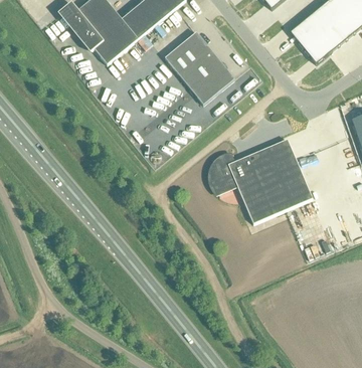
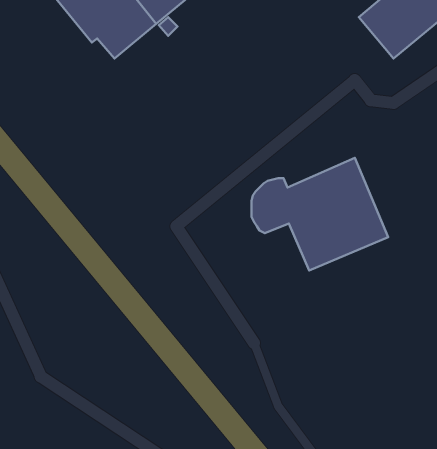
building: [164,30,234,103] -> none

